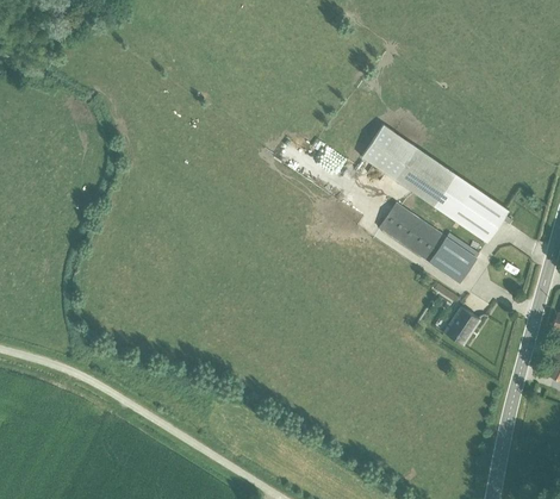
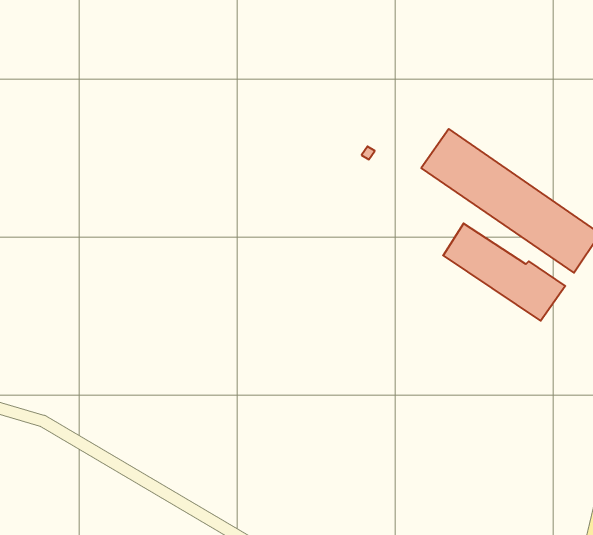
building: [444,306,481,345] -> none

